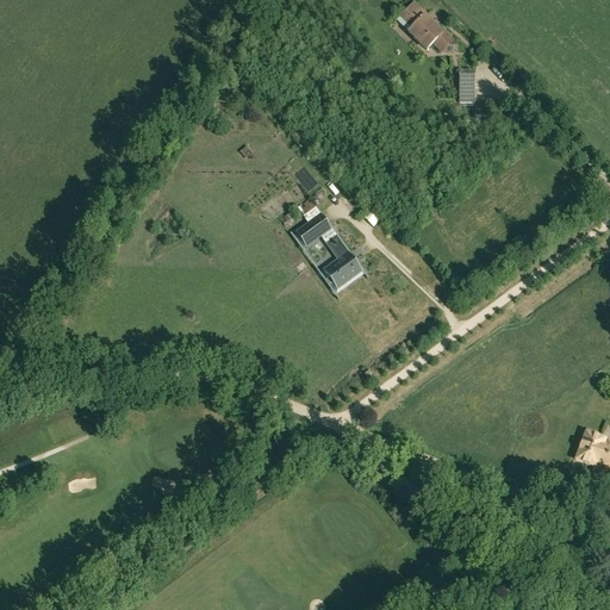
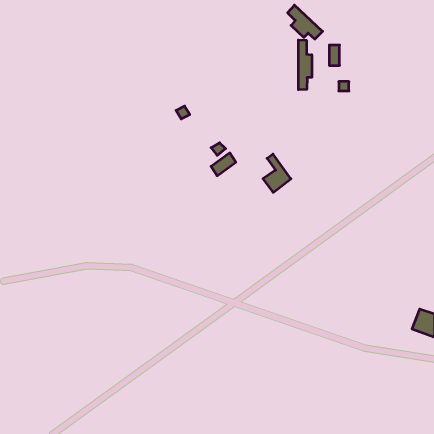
building: none -> [298,40,312,90]
building: [324,237,363,291] -> [263,154,291,192]

